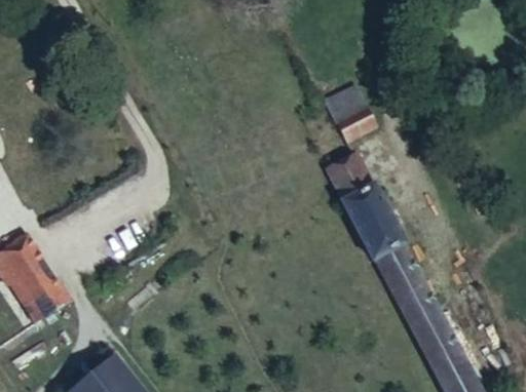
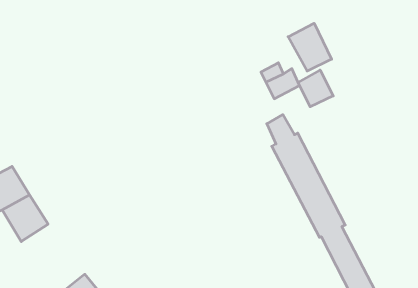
building: none -> [288,23,332,71]
building: none -> [298,70,333,107]

